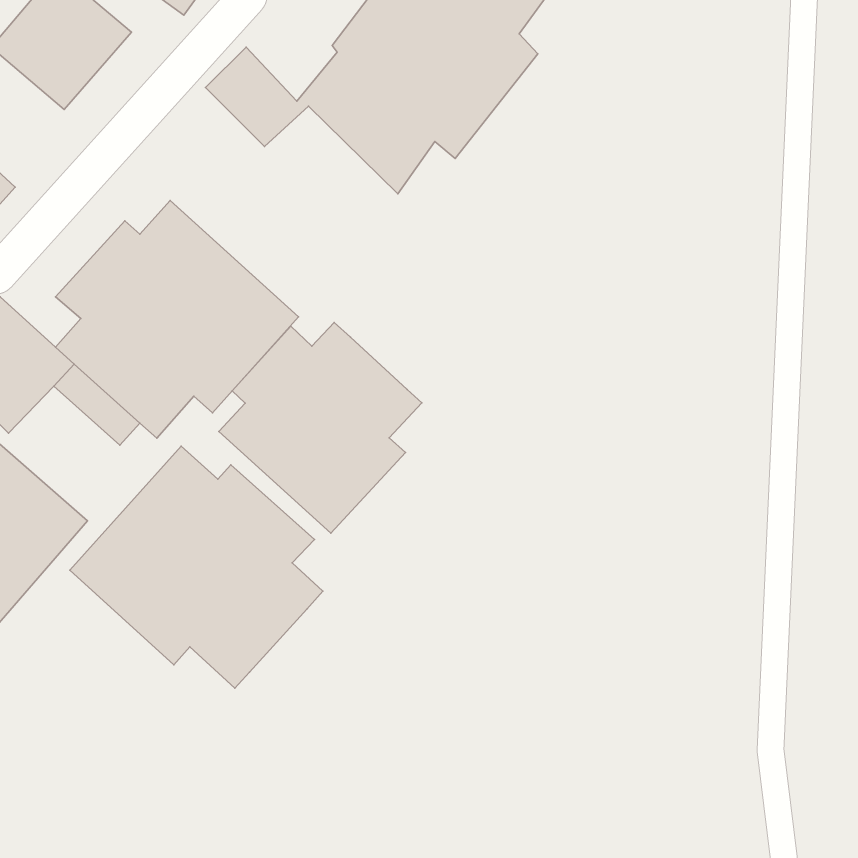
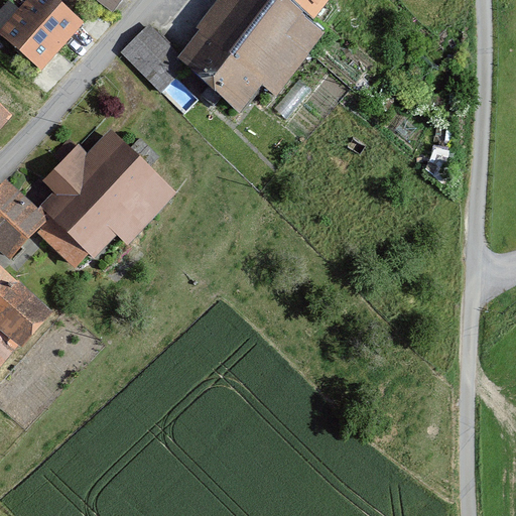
building: [219,323,422,533] -> none
building: [70,446,323,688] -> none

